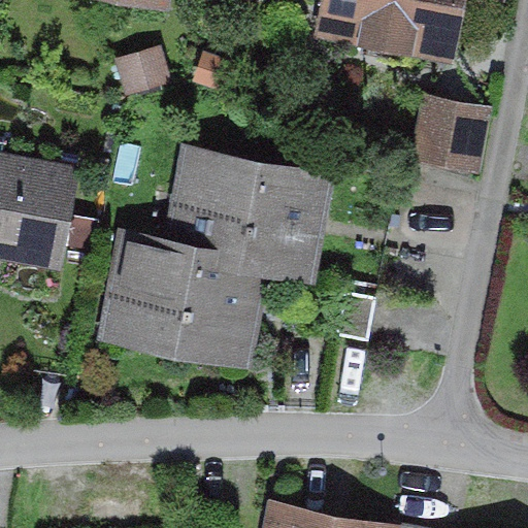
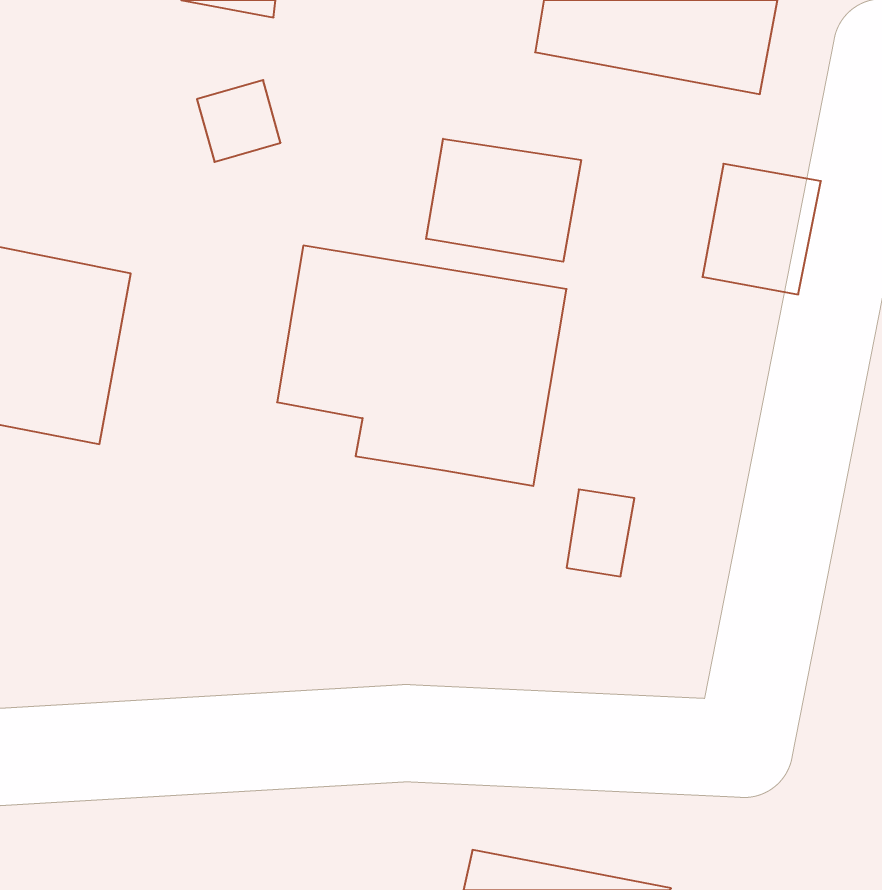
building: none -> [426,139,581,262]
building: [102,231,262,372] -> none

